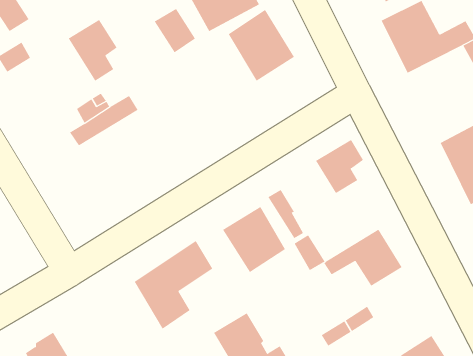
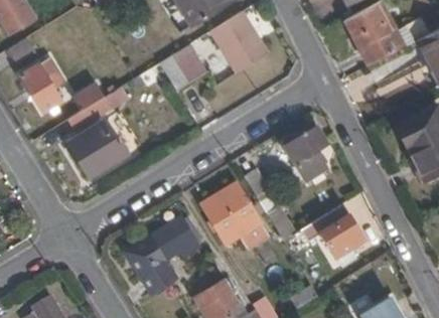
building: [154,8,196,53] -> [169,42,206,83]
building: [68,19,118,81] -> [20,57,64,113]
building: none -> [68,124,127,177]

